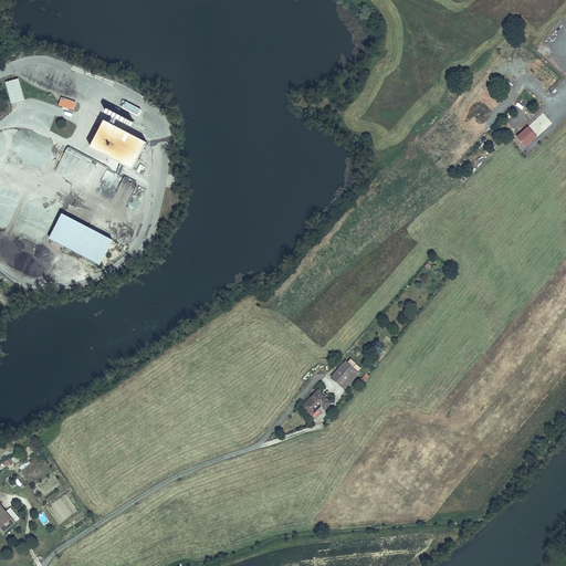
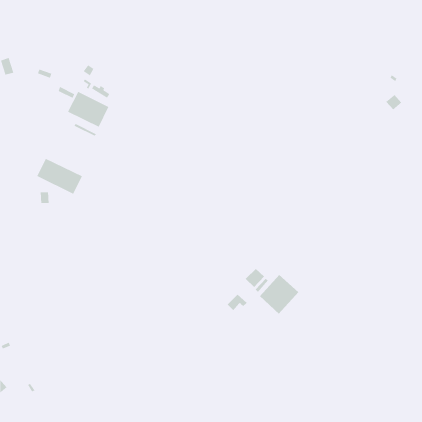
building: none -> [259,274,299,314]

